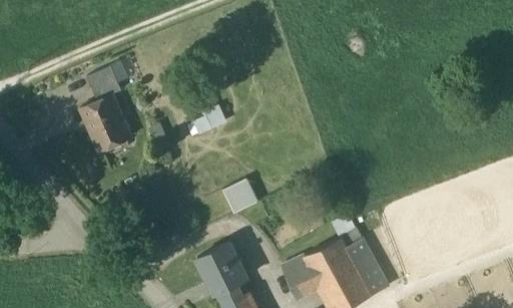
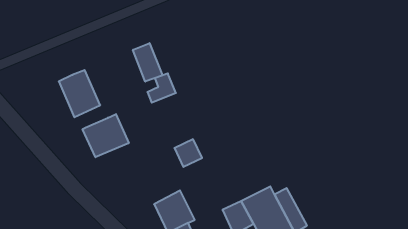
building: none -> [133,43,162,82]
building: [87,67,121,100] -> none
building: none -> [83,114,129,157]

